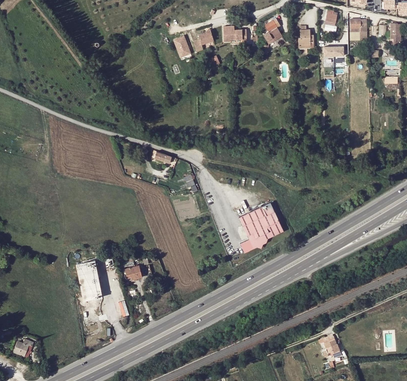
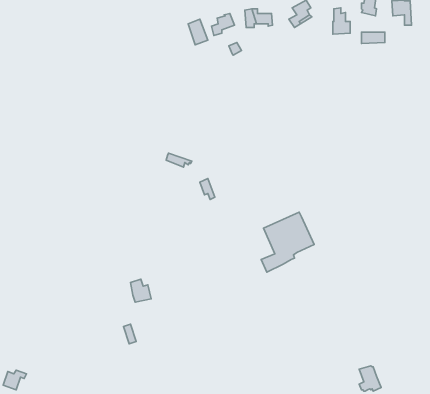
building: [76,260,102,300] -> none

